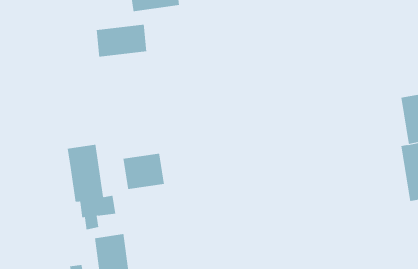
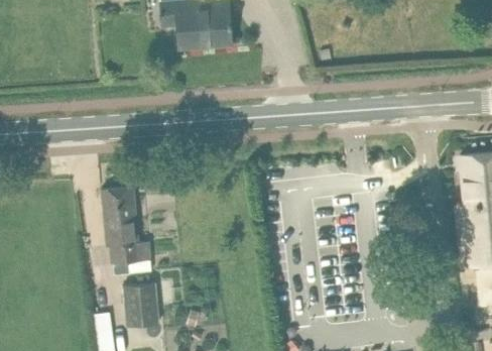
building: [96,24,147,58] -> none
building: [123,153,164,190] -> none

